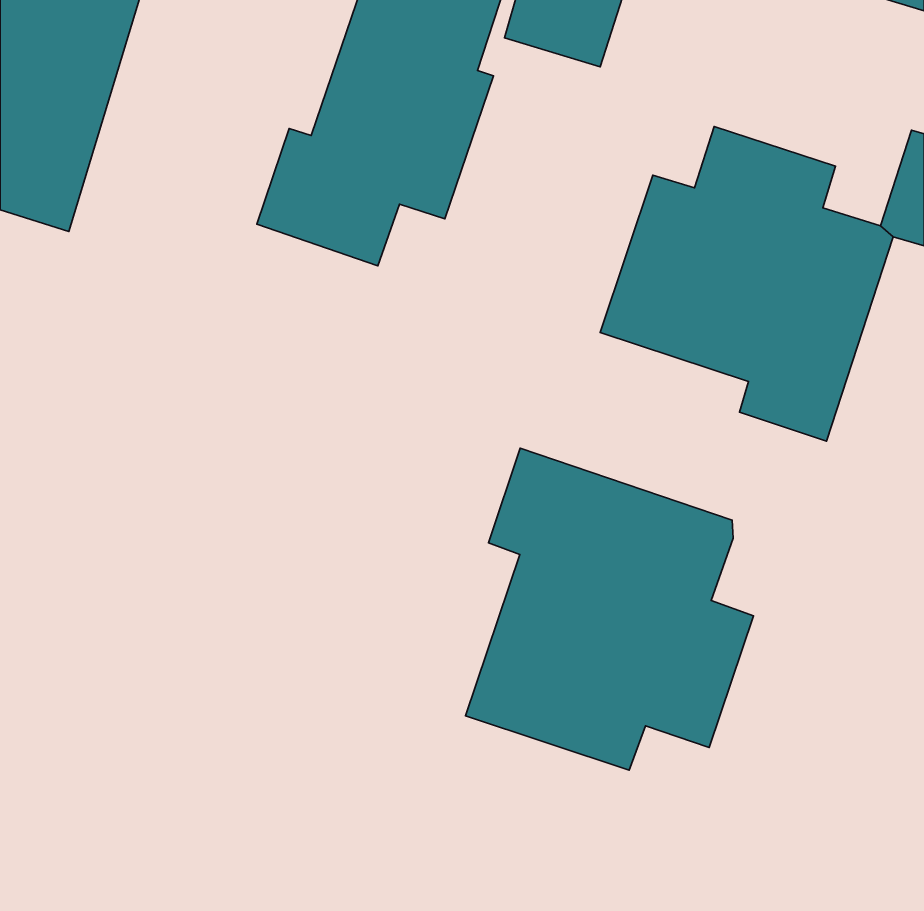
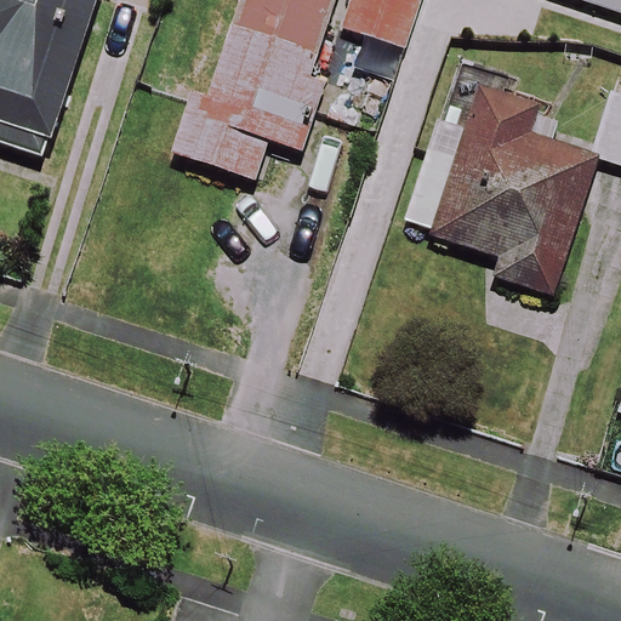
building: [465,448,754,770] -> none

